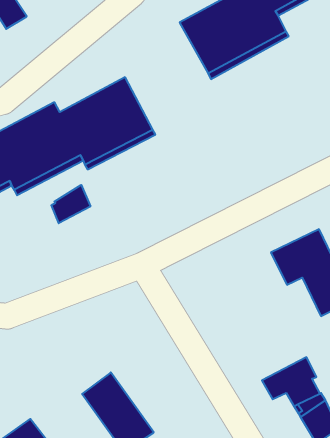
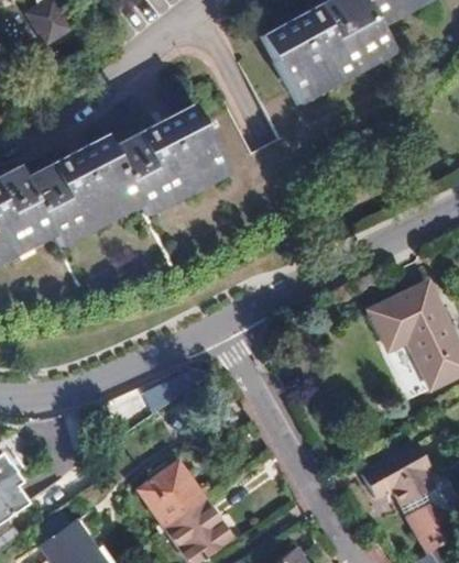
building: [51,185,90,223] -> none

